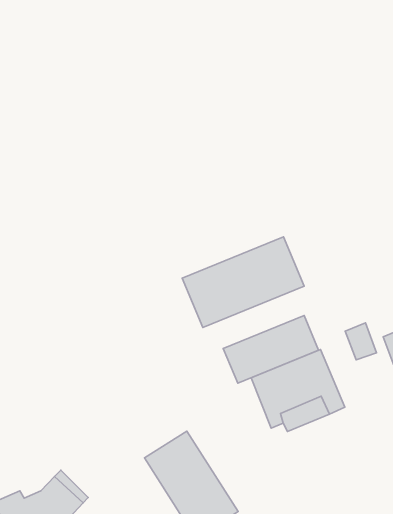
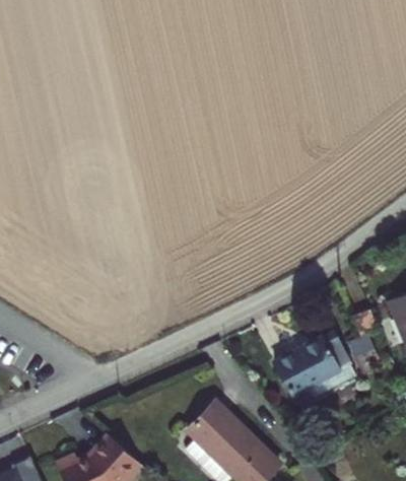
building: [182,237,304,327] -> none
building: [223,315,319,383] -> none

